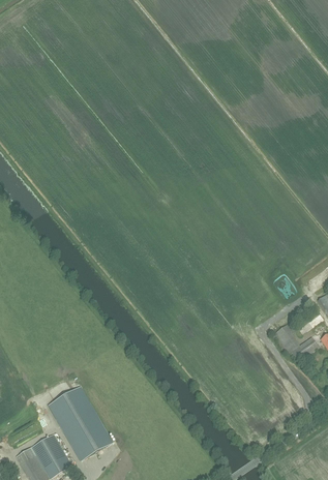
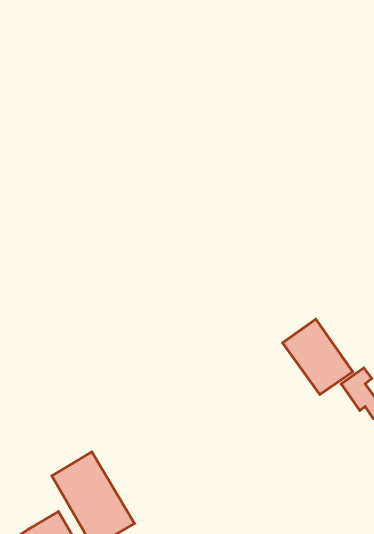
building: none -> [283,319,353,395]

